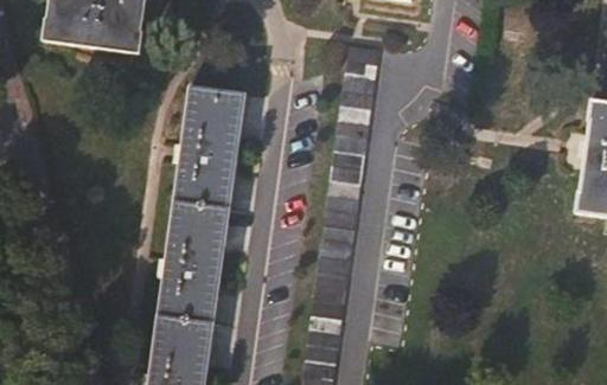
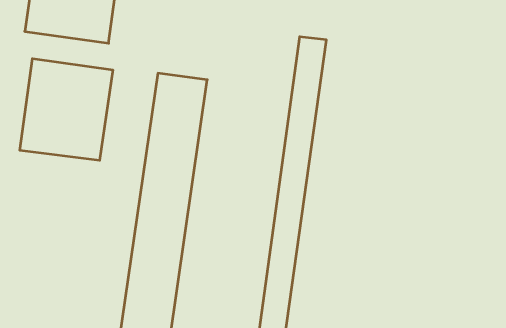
building: none -> [20,59,113,160]

